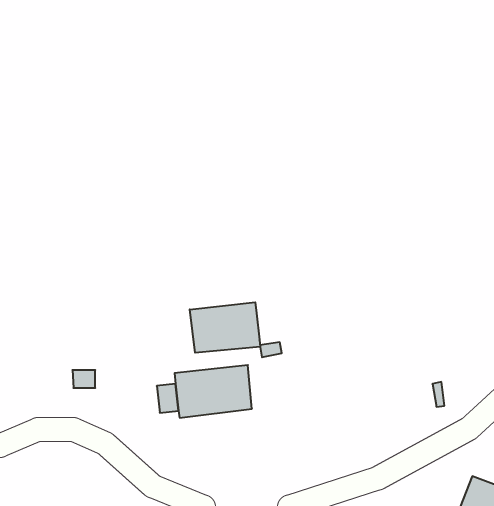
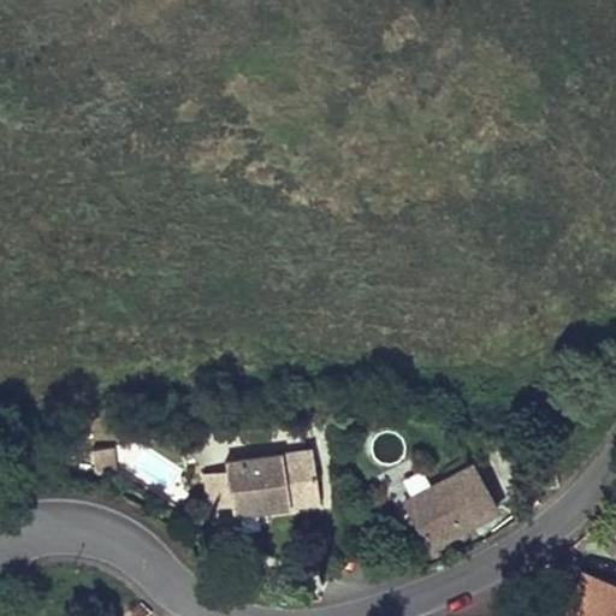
building: [190,302,260,353] -> none
building: none -> [396,481,488,557]

